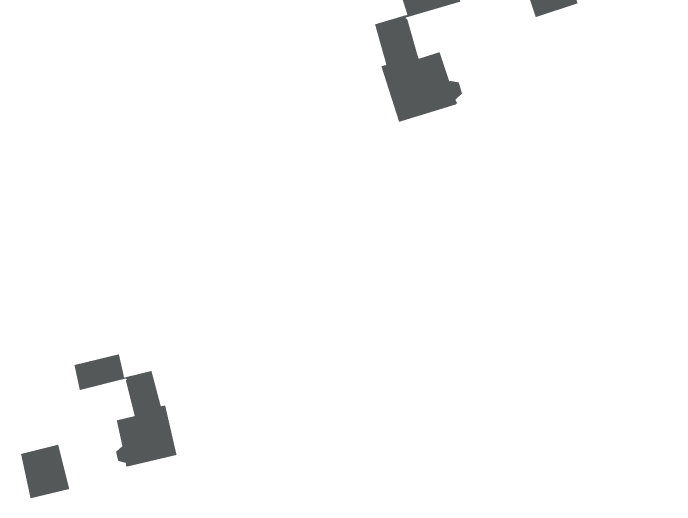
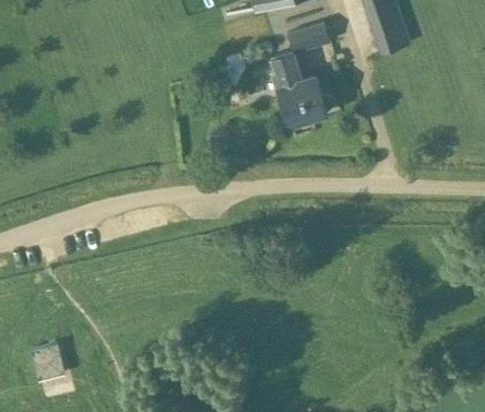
building: [74,354,177,467] -> none

